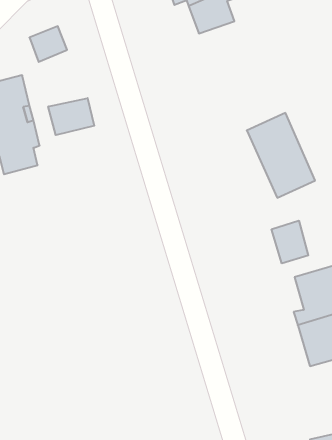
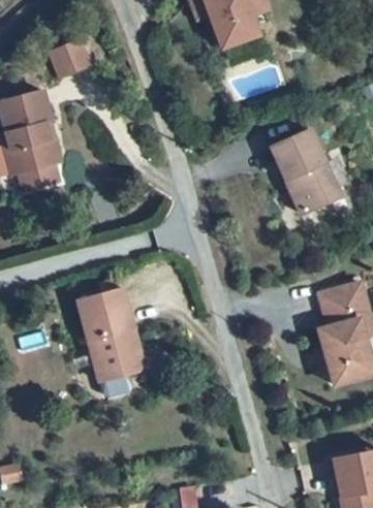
building: [48,98,94,135] -> none
building: [272,221,308,263] -> none
building: none -> [76,286,142,380]

